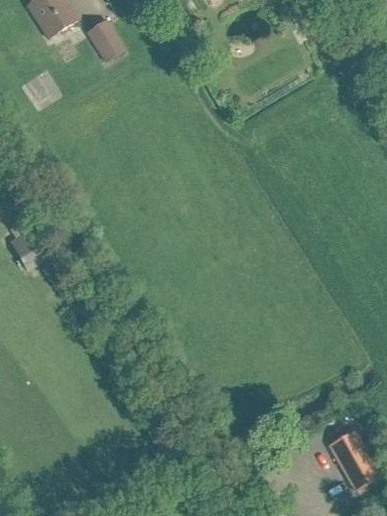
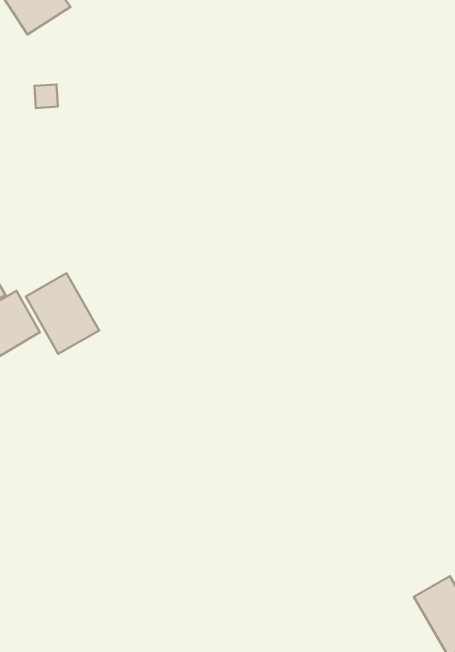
building: [87,19,124,60] -> none
building: none -> [26,273,99,354]

